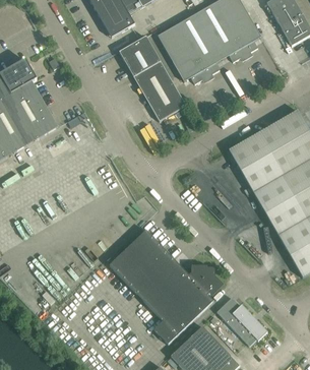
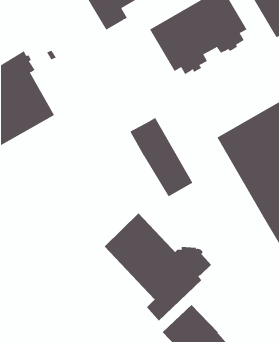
building: [119,36,186,120] -> [130,117,193,197]
building: [216,297,267,346] -> none

